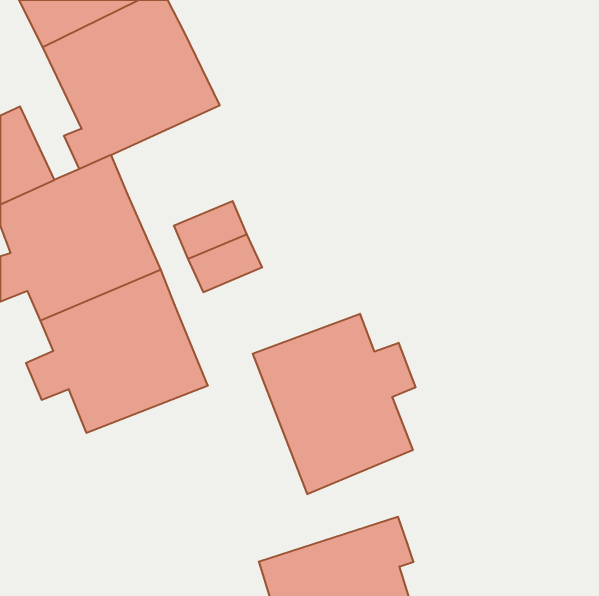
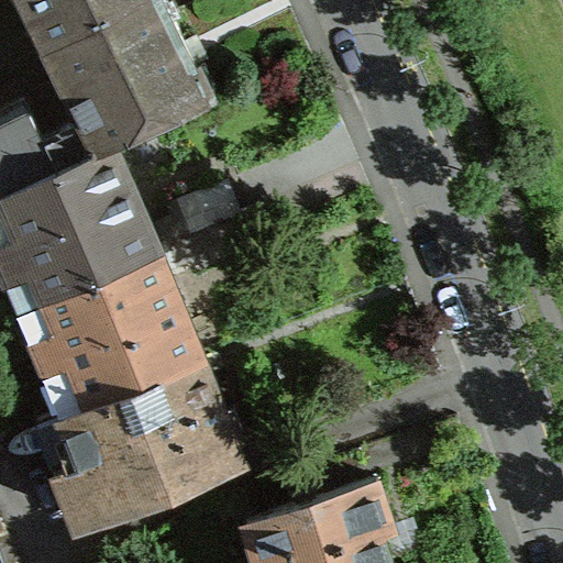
building: [253,314,416,494] -> none
building: none -> [53,366,235,526]

